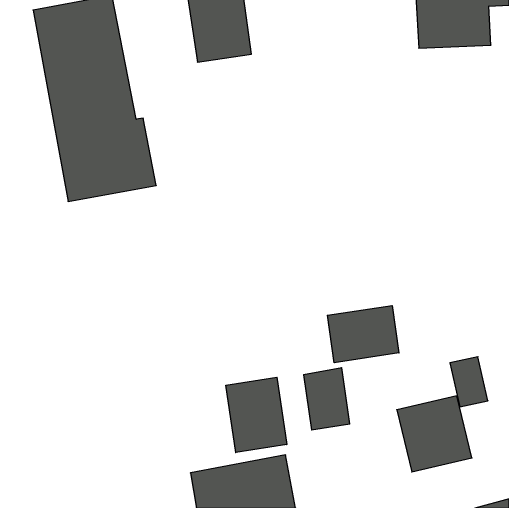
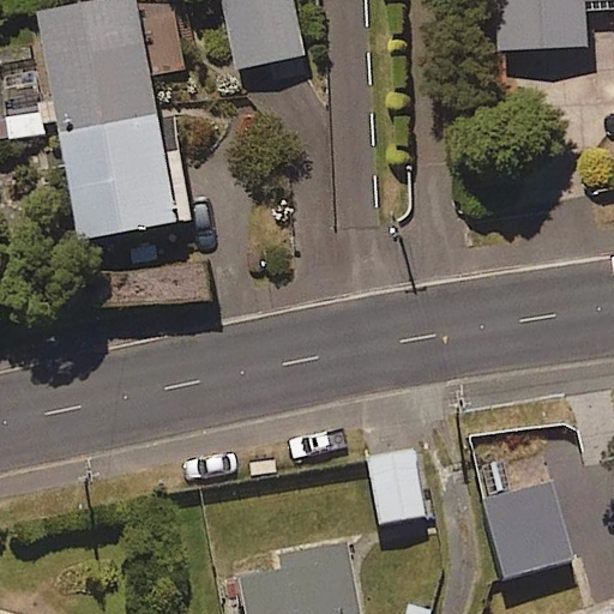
building: [327,306,399,363] -> none
building: [226,377,287,453] -> none

